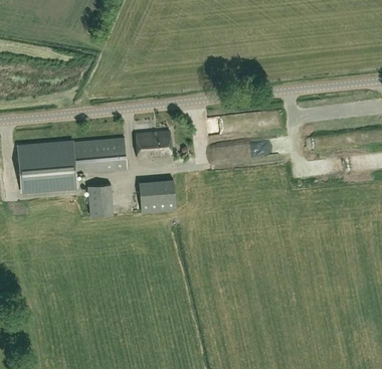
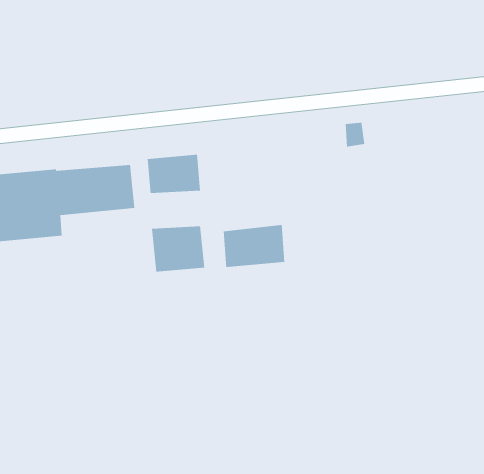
building: none -> [223,224,285,268]
building: [87,184,114,216] -> none

